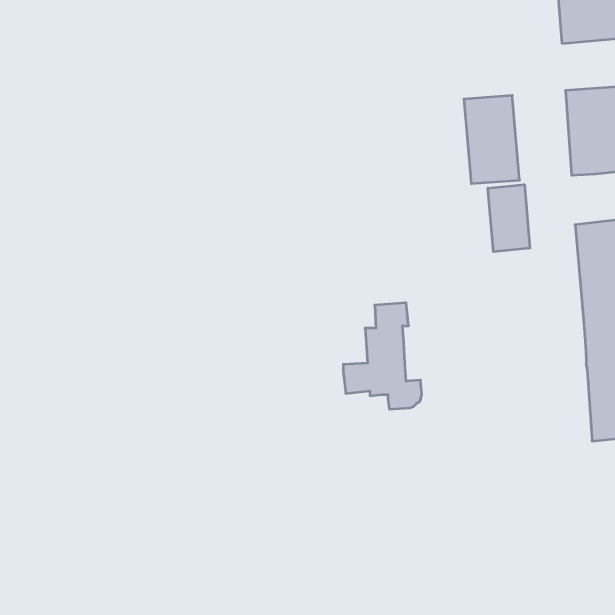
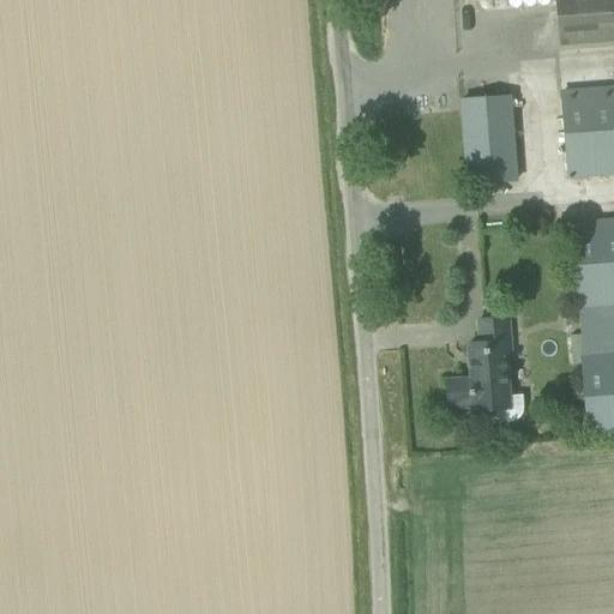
building: [488,185,530,252] -> none
building: [343,303,422,409] -> [449,317,526,422]

